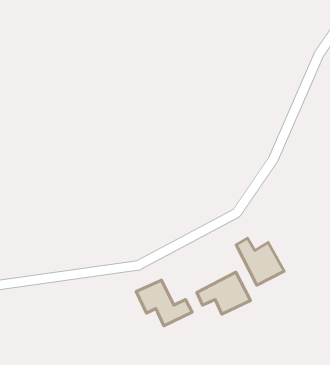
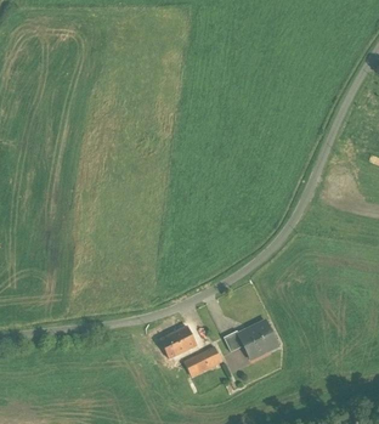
building: [236,238,284,285] -> none

